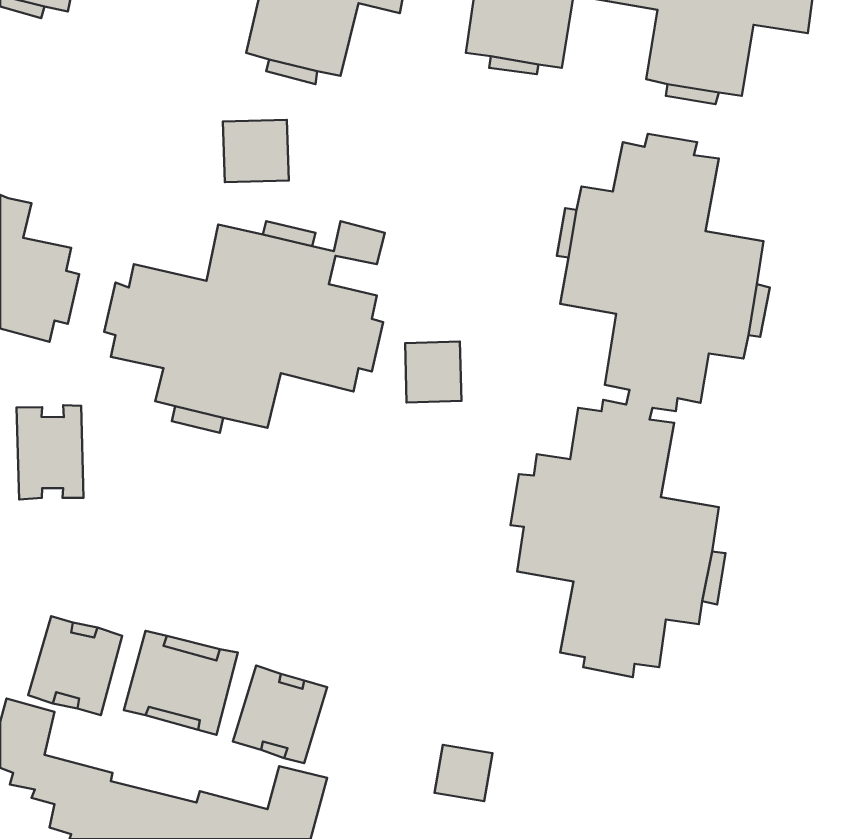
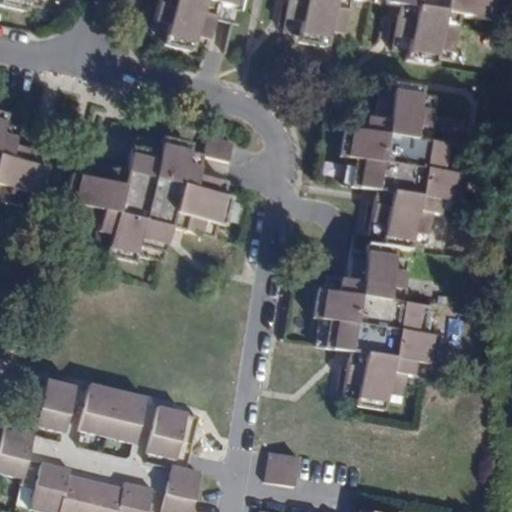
building: [223,120,289,182] -> none
building: [405,341,461,403] -> none
building: [17,405,84,499] -> none

